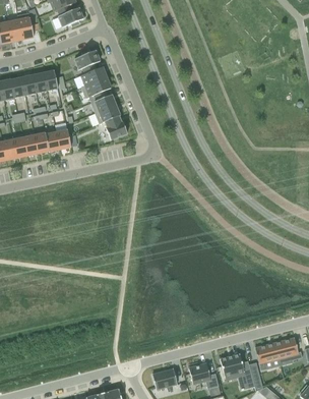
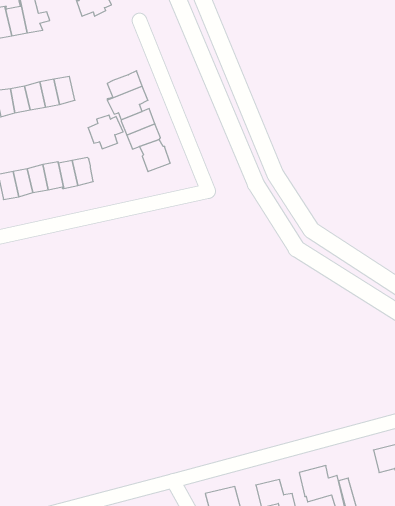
building: [75,50,101,74] -> [88,115,123,149]
building: [255,343,279,370] -> none

